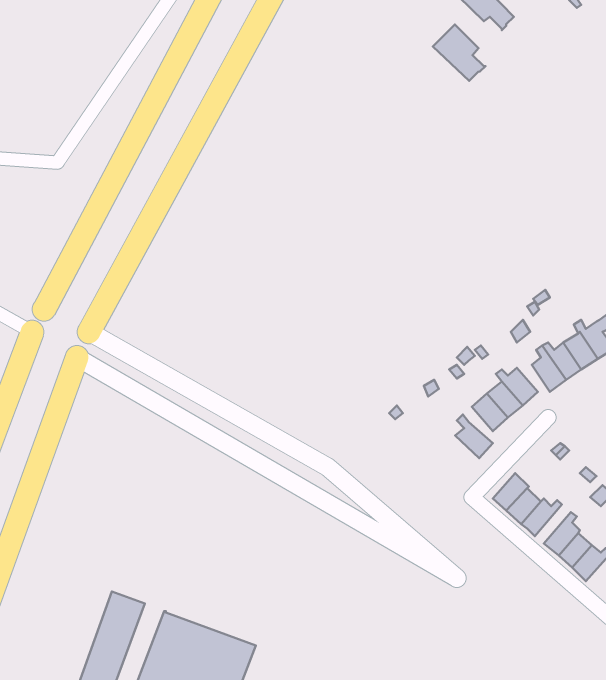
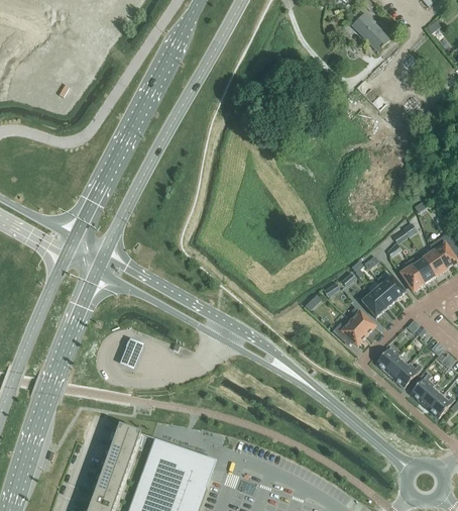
building: [433,25,485,81] -> none
building: none -> [332,320,365,344]
building: none -> [119,335,142,366]

